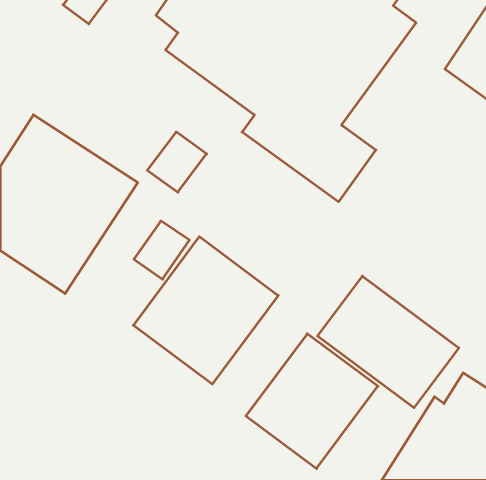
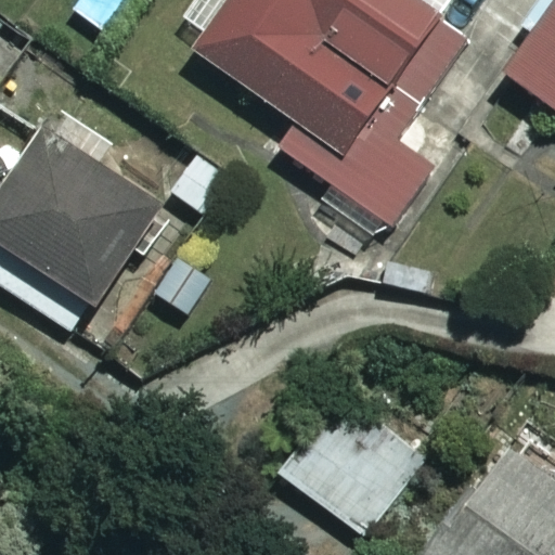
building: [133,237,278,384] -> none
building: [318,276,459,408] -> none

